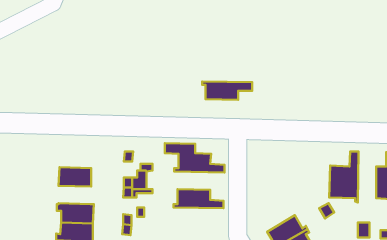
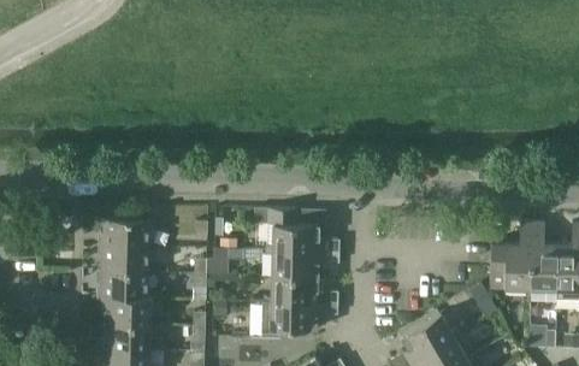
building: [202,81,252,100] -> [267,250,339,277]
building: none -> [102,219,149,246]
building: none -> [531,222,557,302]
building: none -> [101,271,148,297]
building: none -> [260,302,338,338]

